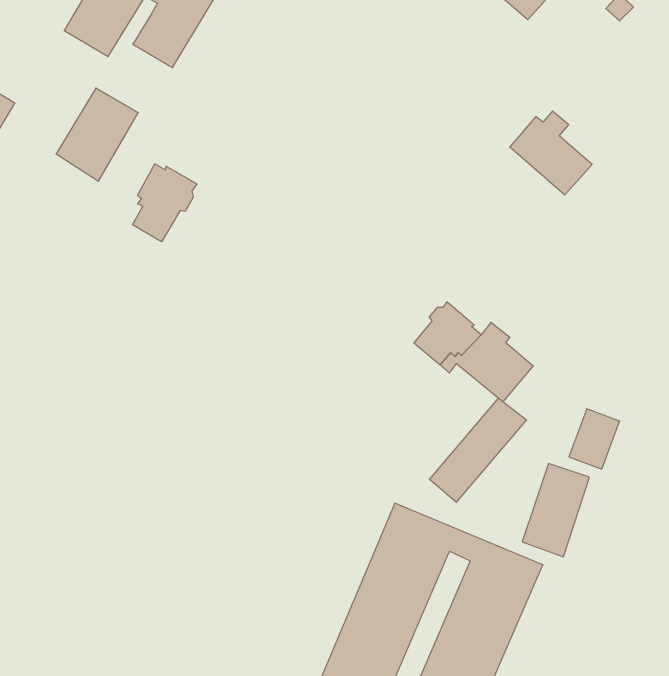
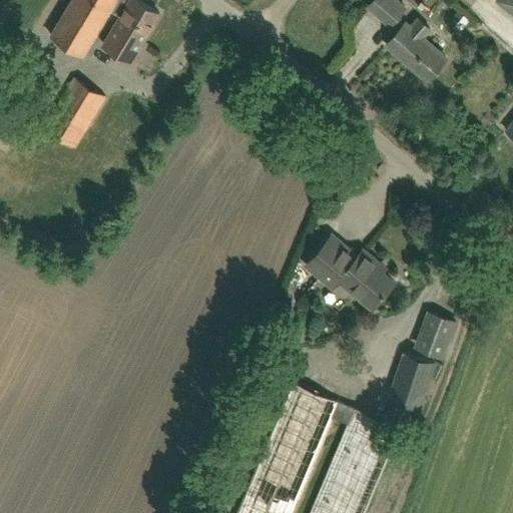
building: [510,111,592,195] -> [386,21,446,82]
building: [133,164,197,242] -> none
building: [430,398,527,502] -> none

